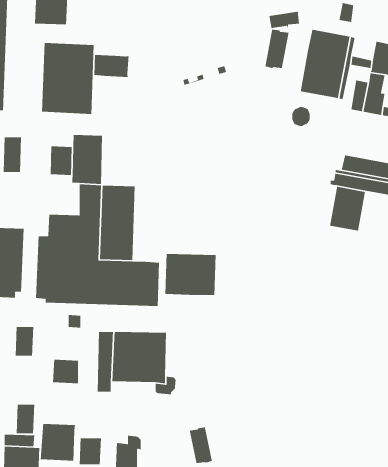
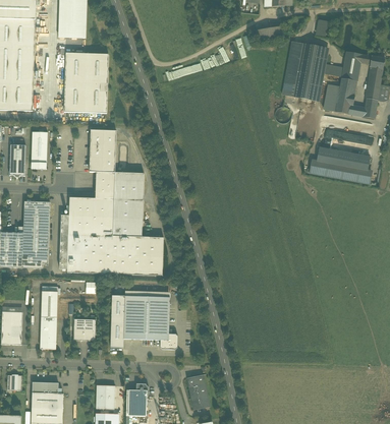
building: [265,29,290,69] -> none
building: [94,54,129,78] -> none
building: [50,145,72,176] -> none
building: [329,186,366,232] -> none
building: [164,253,216,296] -> none
building: [16,404,35,434] -> [40,316,56,342]
building: [40,423,76,461] -> none

